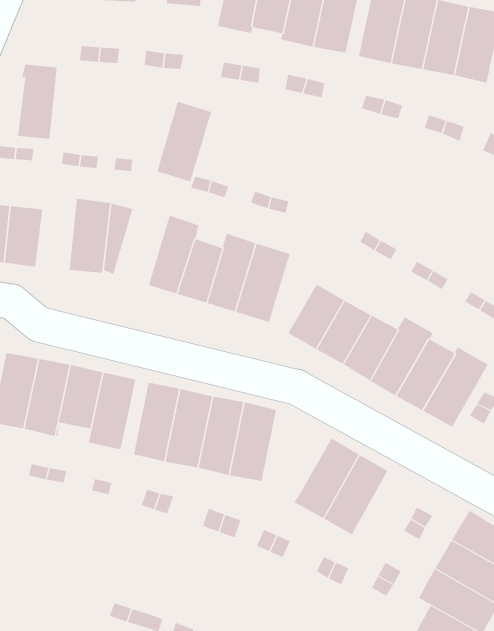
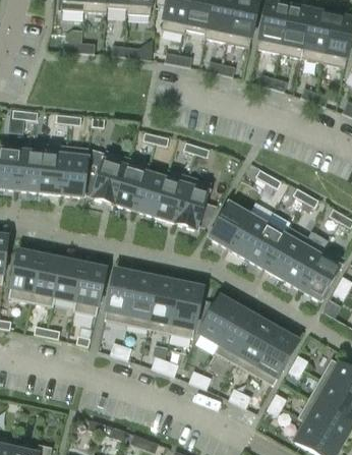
building: [17,64,58,139] -> [39,143,66,193]
building: [156,101,212,182] -> [92,149,129,204]
building: none -> [199,296,239,343]
building: none -> [253,330,298,385]

